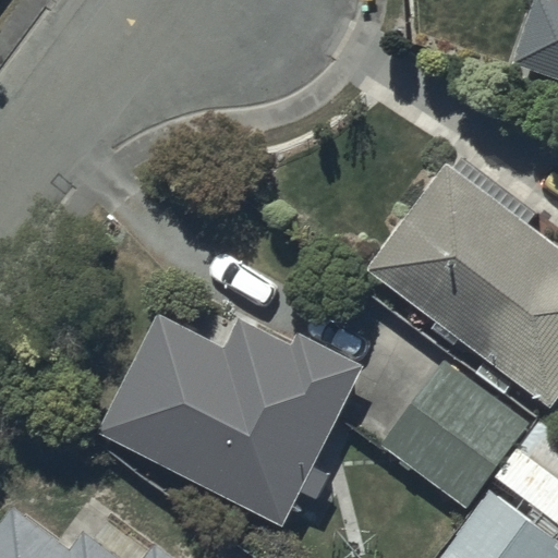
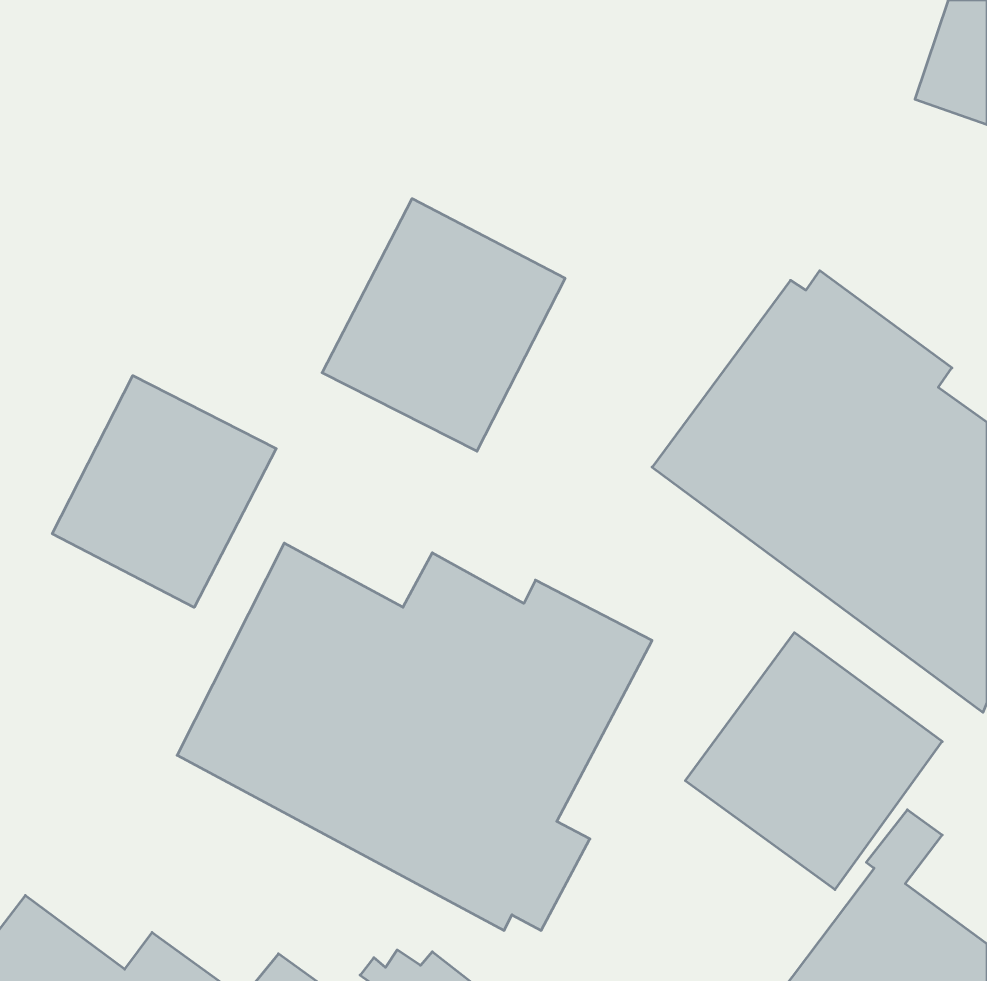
building: none -> [322,199,565,451]
building: none -> [52,376,276,607]

